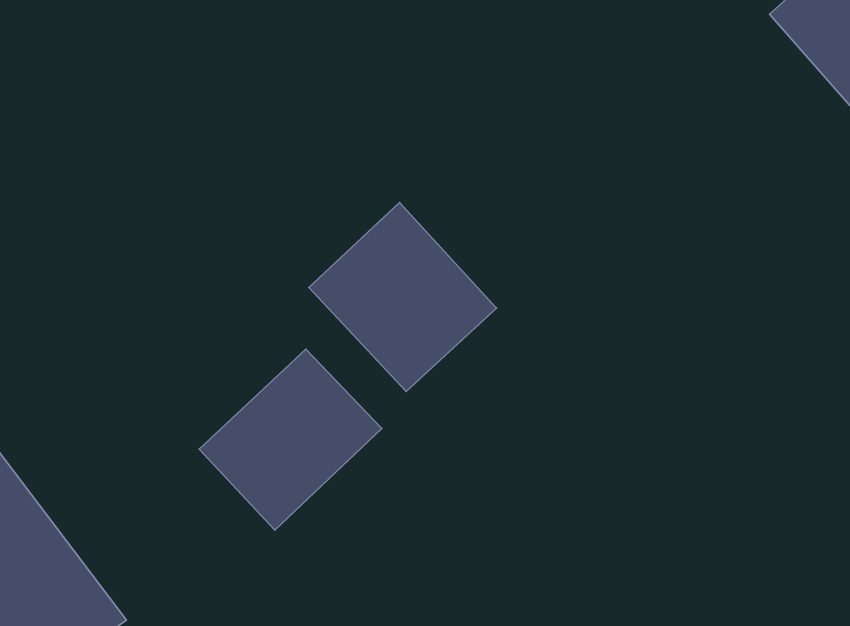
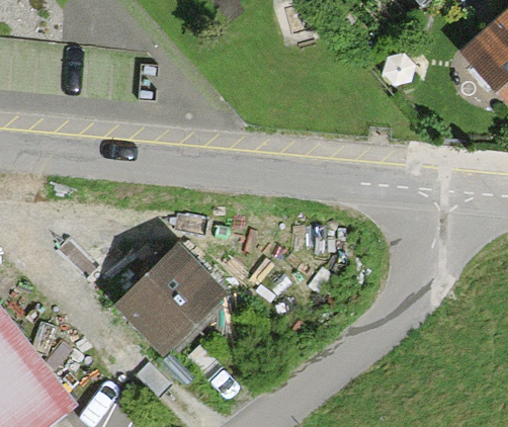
building: [309,202,497,391] -> none

